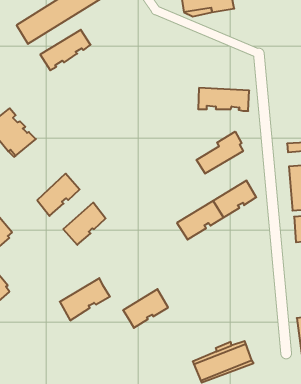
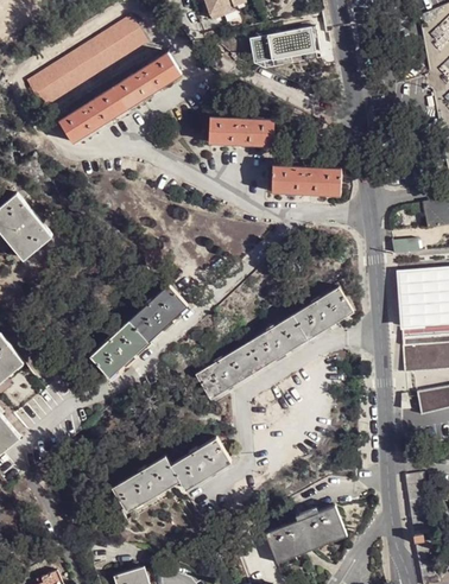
building: none -> [114,53,181,107]
building: none -> [208,118,273,145]
building: [197,132,243,174] -> none
building: [37,174,80,216] -> [131,284,188,341]
building: none -> [195,347,258,399]
building: [60,278,110,320] -> [113,455,181,512]

